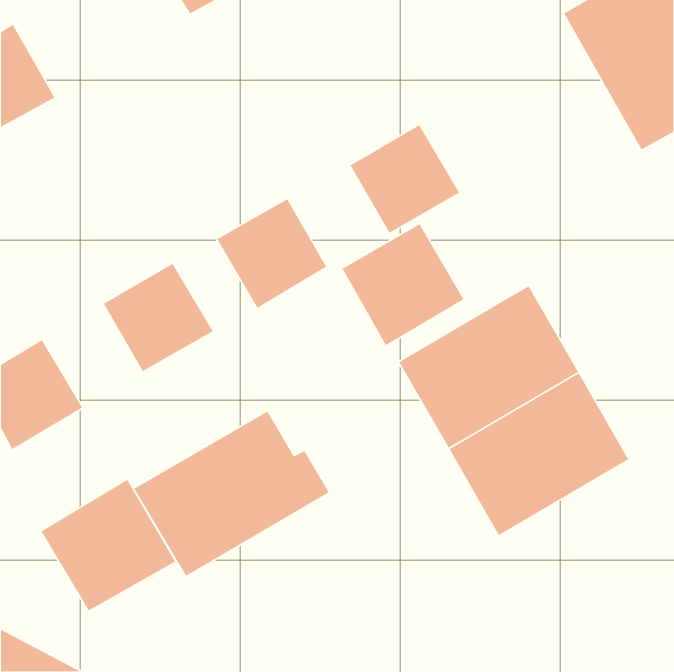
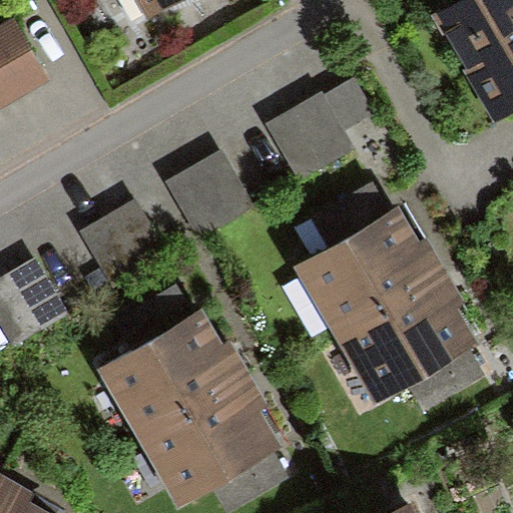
building: [342,223,465,346] -> none
building: [41,479,176,612] -> none
building: none -> [141,374,282,505]

